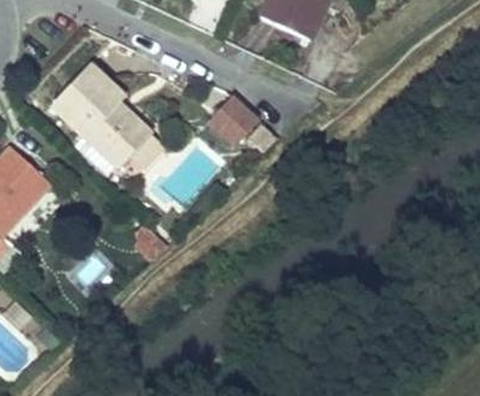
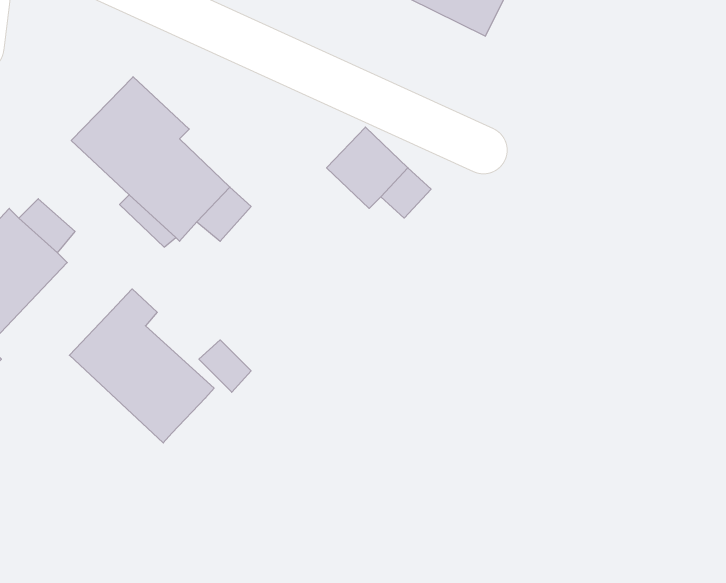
building: none -> [69,289,214,443]

